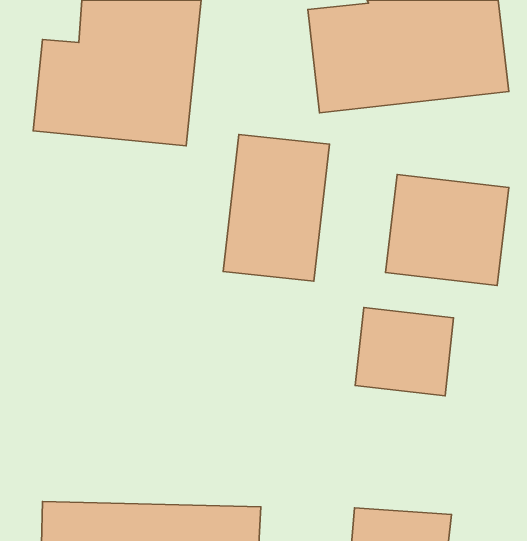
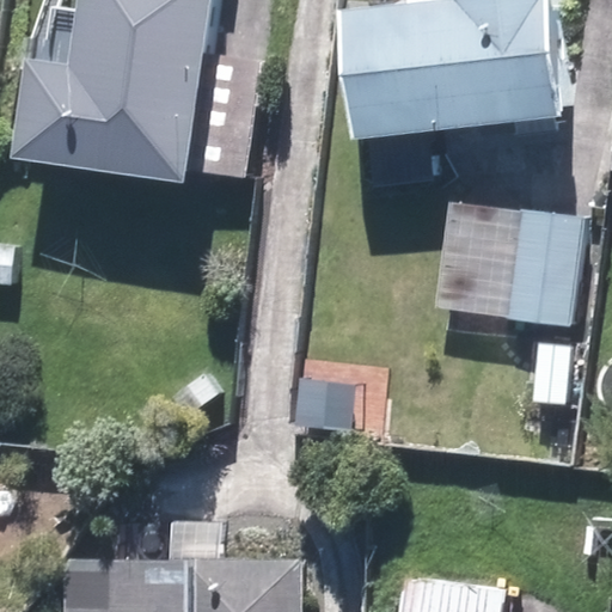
building: [223,134,330,281] -> none
building: [355,307,454,396] -> none

